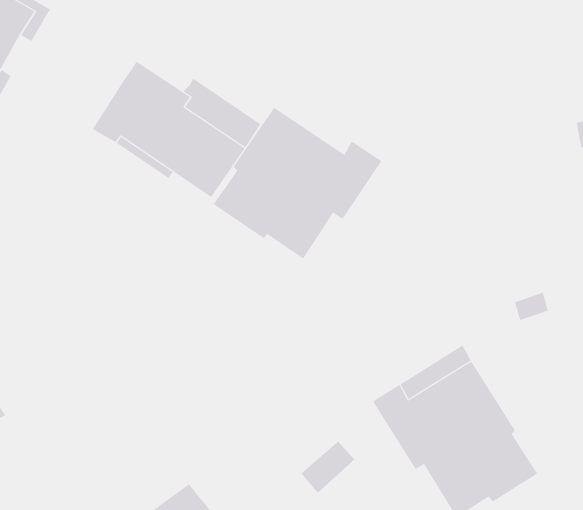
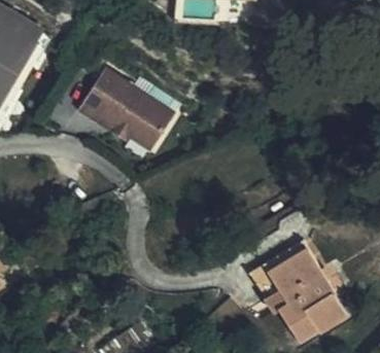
building: [213,107,382,259] -> none

